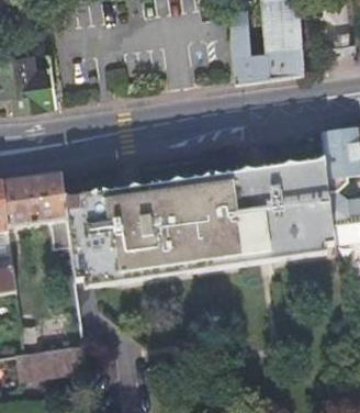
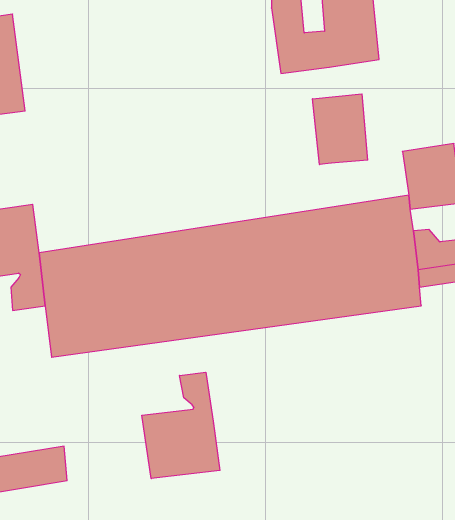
building: none -> [313,94,368,165]
building: none -> [142,372,220,479]

